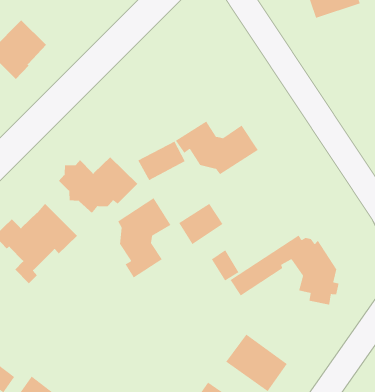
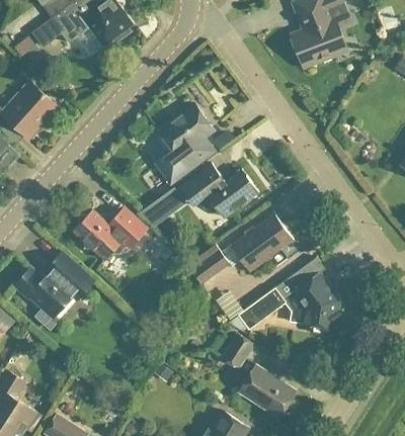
building: none -> [156,103,214,183]
building: none -> [231,214,300,270]
building: [117,197,171,279] -> none
building: none -> [221,333,253,368]

